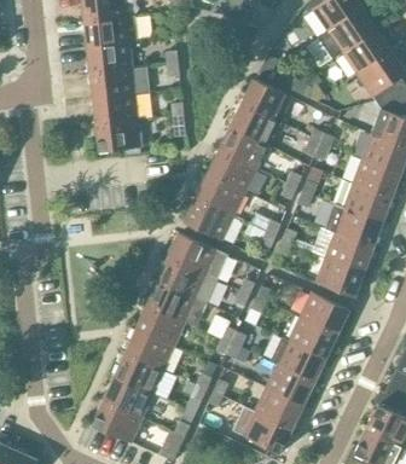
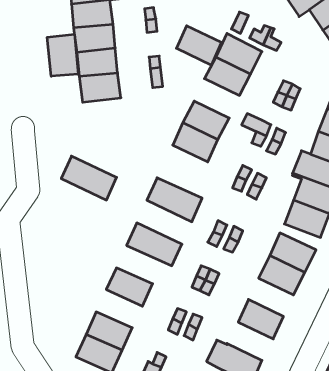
building: none -> [47,34,78,76]
building: [219,127,267,169] -> [176,26,222,65]
building: [184,198,233,240] -> none
building: [157,257,216,304] -> [61,156,117,200]
building: [135,306,184,347] -> none
building: [269,337,325,382] -> none
building: [114,353,163,394] -> none
building: [254,388,303,429] -> none

